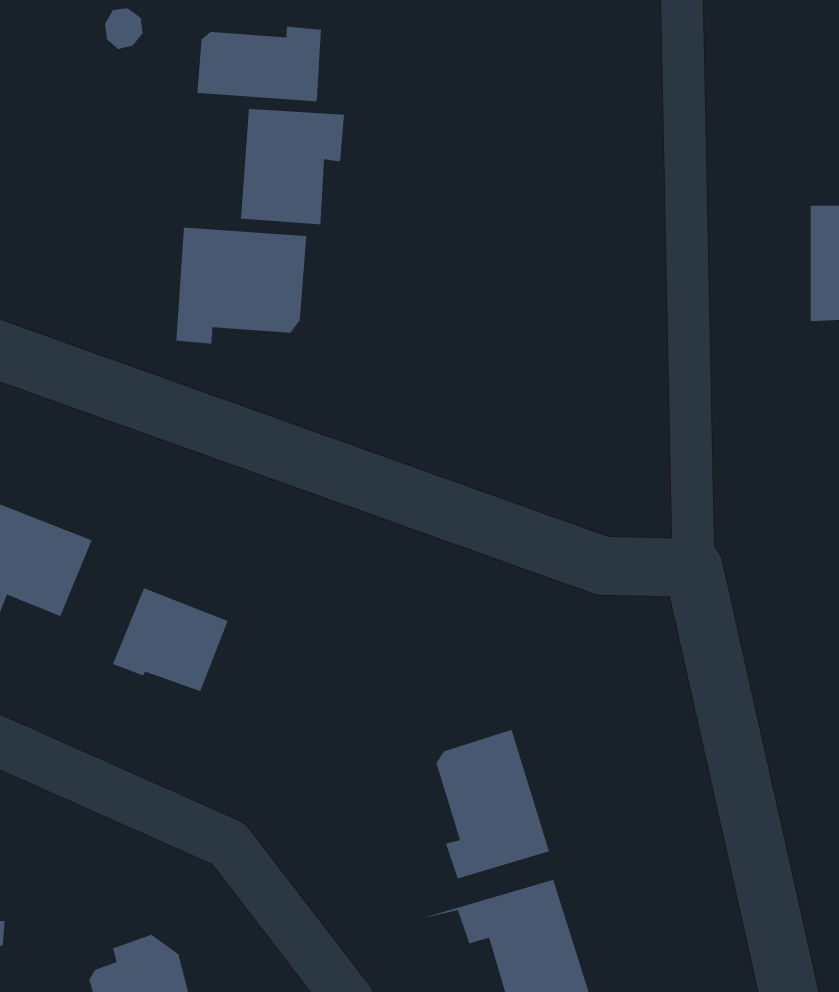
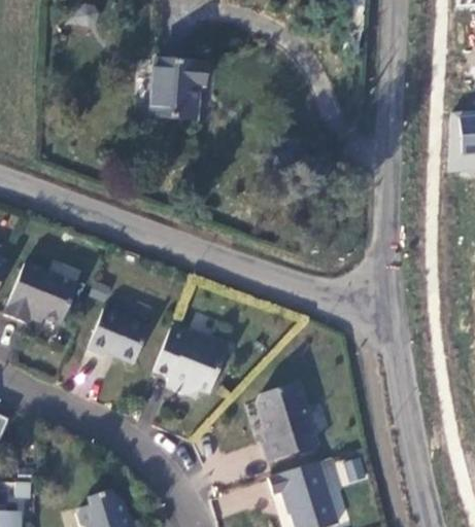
building: [197,26,322,102] -> none
building: [176,227,307,345] -> none
building: none -> [154,327,238,392]

